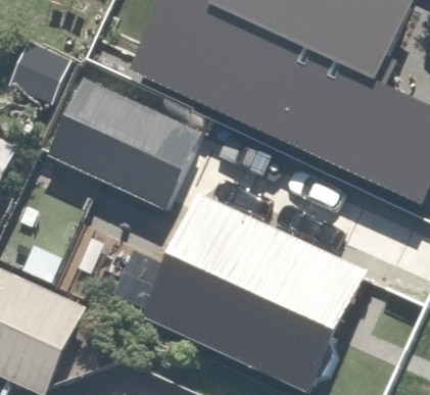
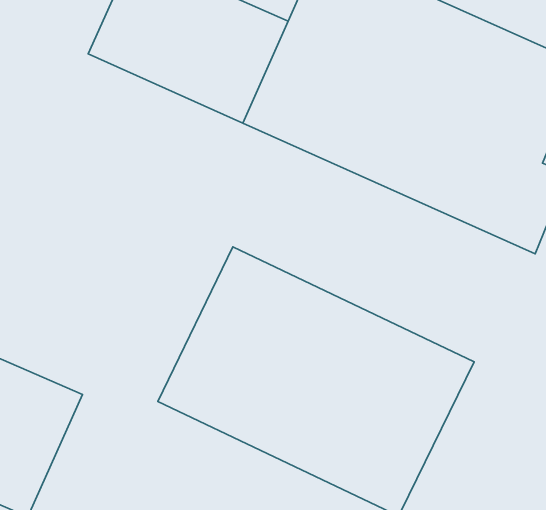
building: [47,77,193,204] -> none

